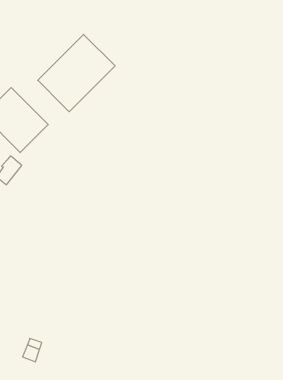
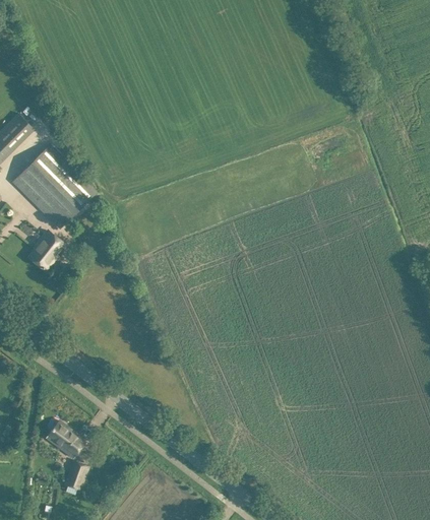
building: [38,34,115,112] -> none
building: none -> [45,421,83,460]

